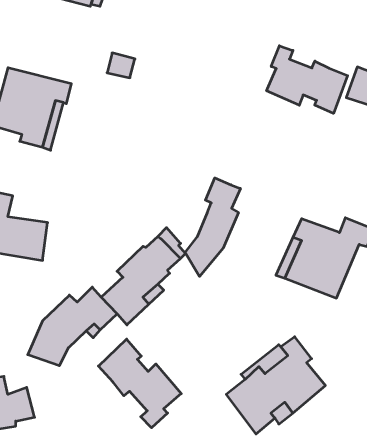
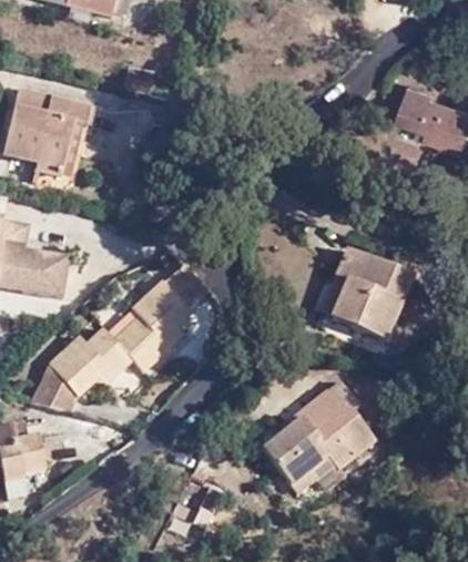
building: [267,46,348,113] -> none
building: [185,178,240,276] -> none
building: [98,339,181,428] -> none

